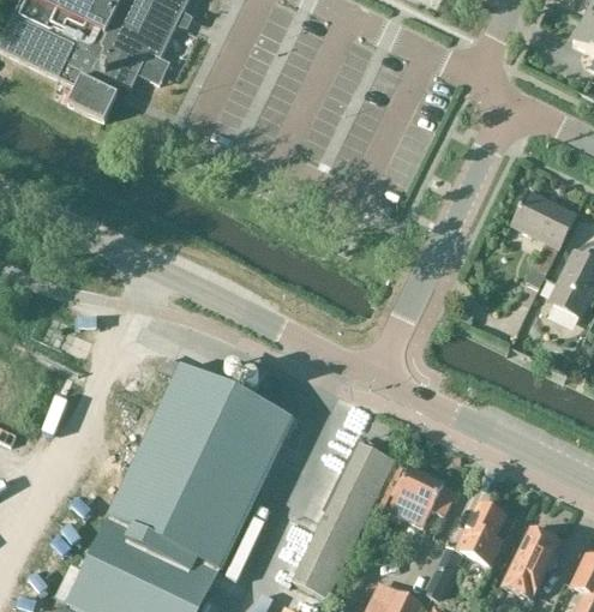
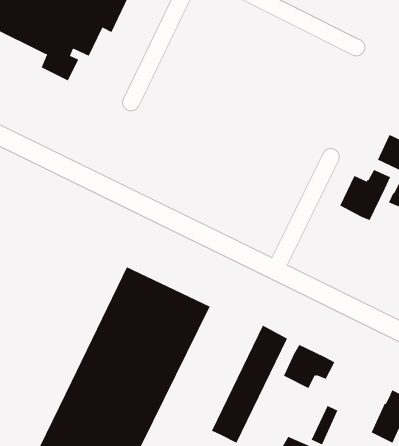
building: none -> [340,169,391,221]
building: [463,500,506,564] -> none

